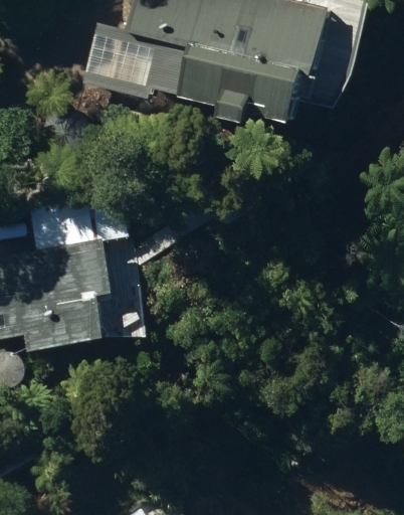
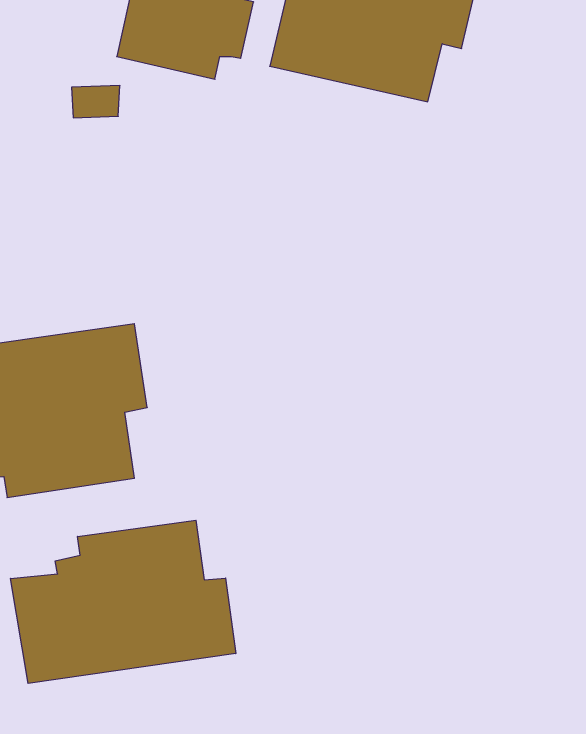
building: none -> [11,520,236,683]

